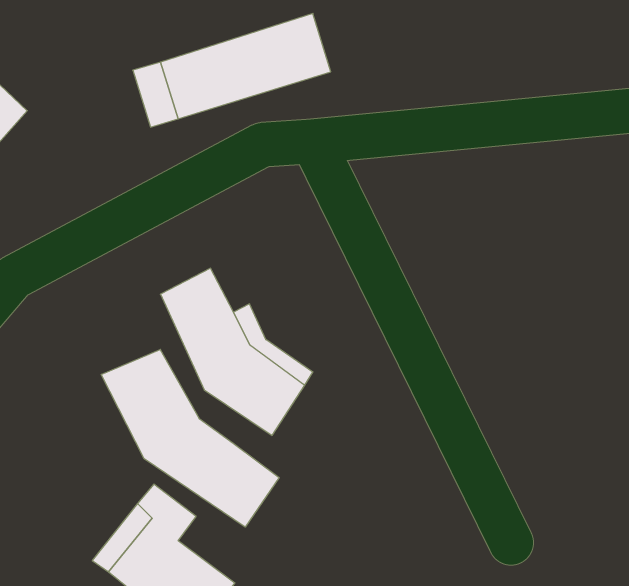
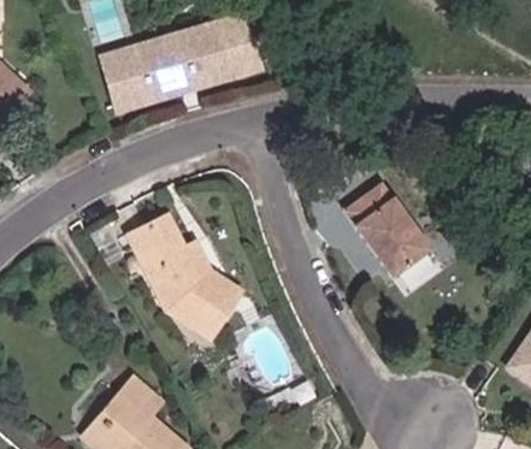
building: none -> [340,185,430,282]
building: [101,349,279,527] -> none

